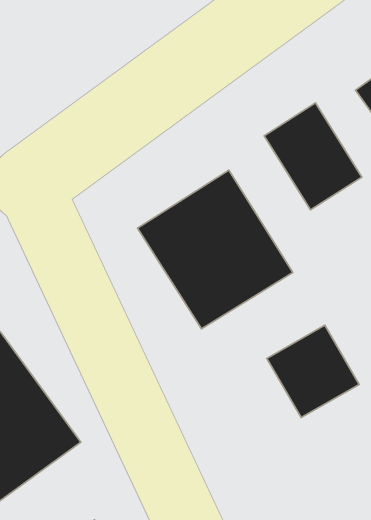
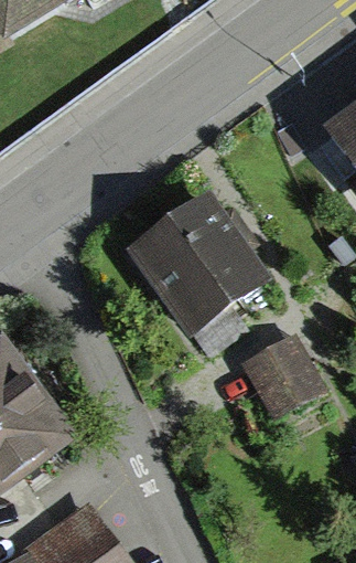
building: [264,103,362,210] -> none

